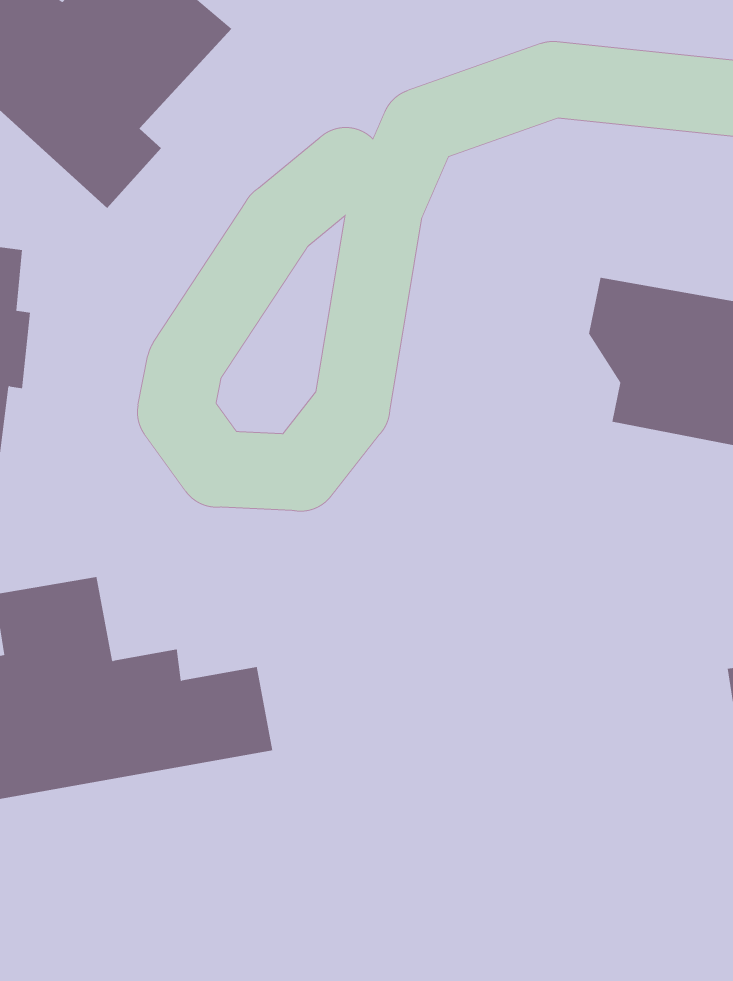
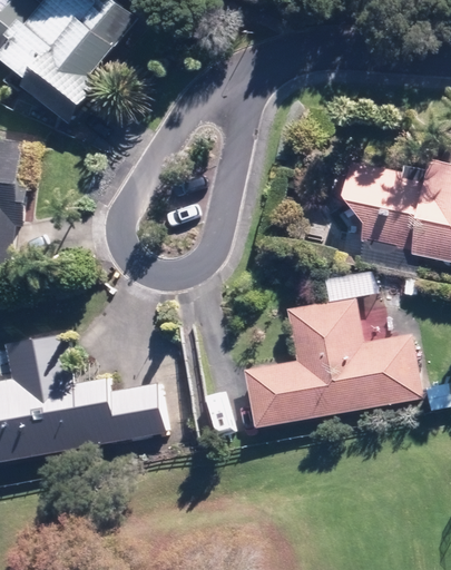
building: none -> [244,298,419,426]

